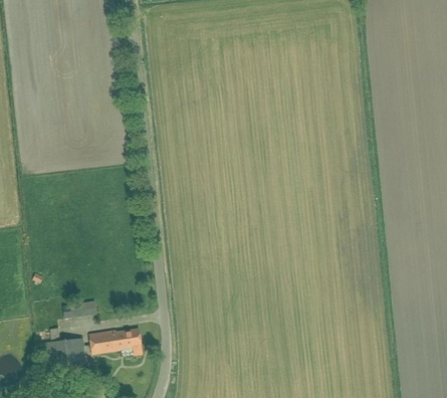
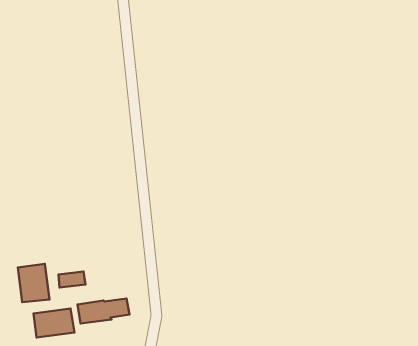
building: none -> [18,264,49,302]

